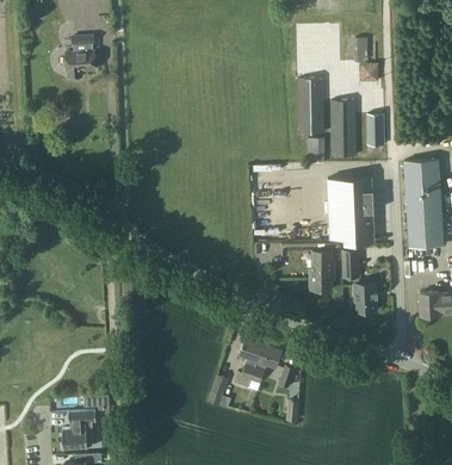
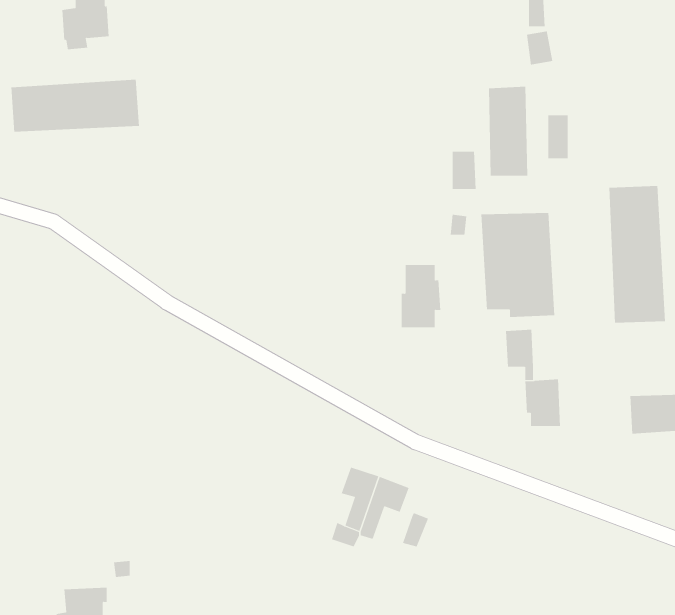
building: [299,78,324,132] -> none
building: none -> [11,79,139,133]
building: [310,250,335,290] -> [401,265,441,328]

